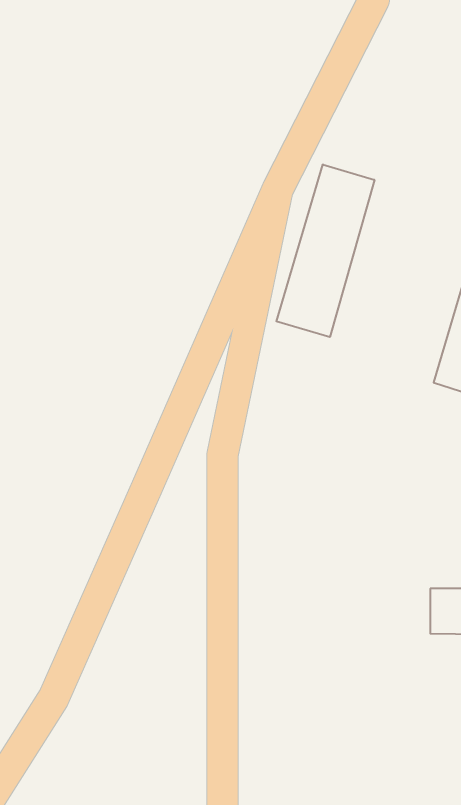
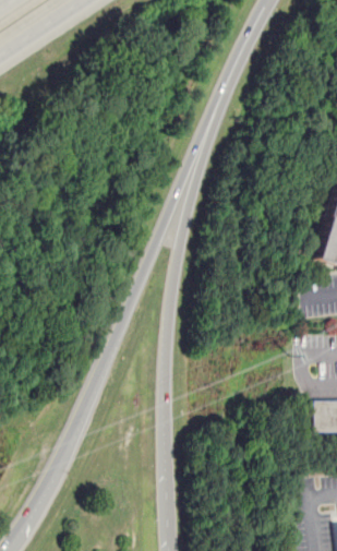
building: [276,164,374,337] -> none

